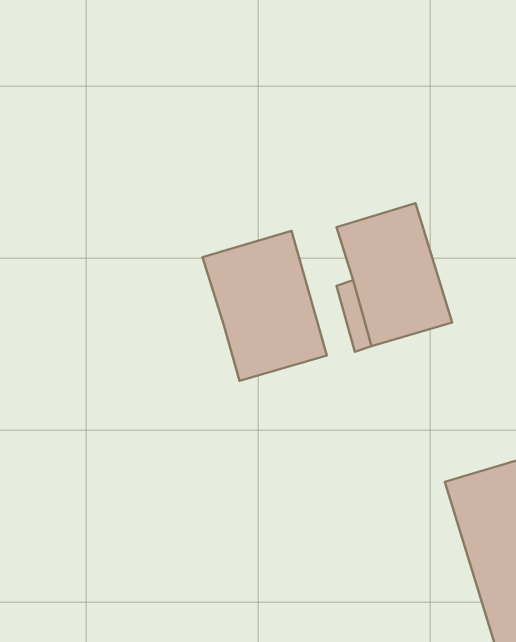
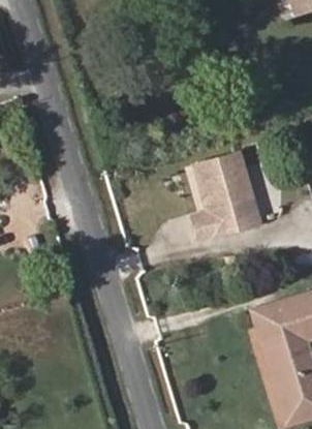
building: [202,231,327,381] -> none

